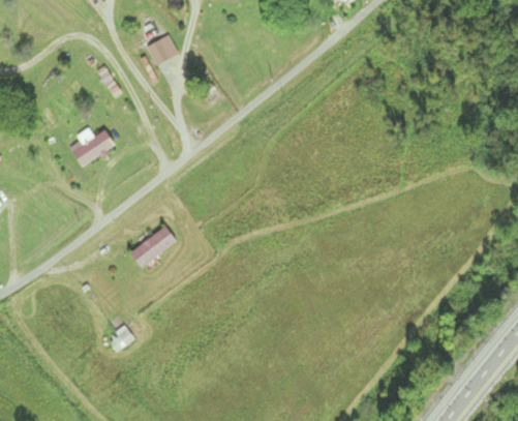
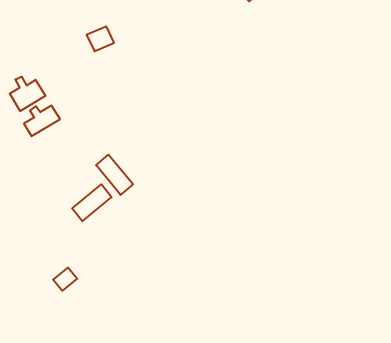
building: none -> [10,77,45,111]
building: none -> [96,155,133,195]

